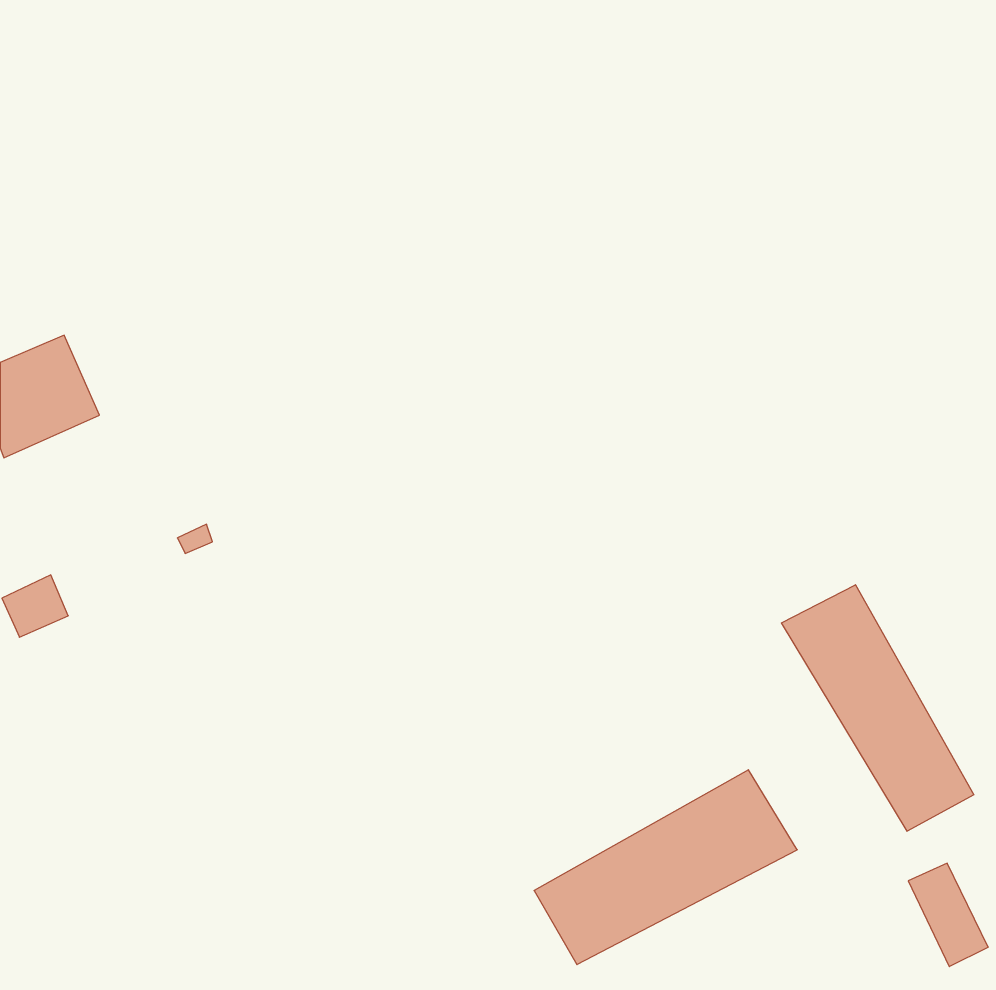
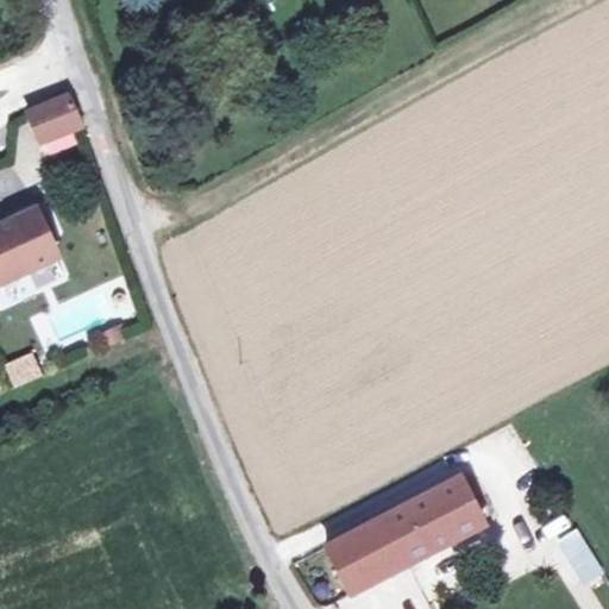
building: none -> [33,95,82,139]
building: [781,585,974,831] -> none

